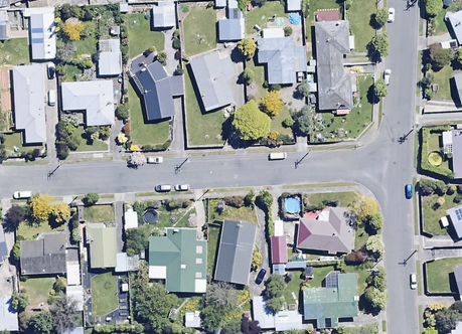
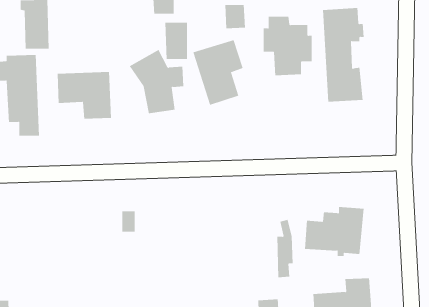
building: [97,38,119,73] -> [165,22,188,59]
building: [216,219,260,288] -> none
building: [85,222,137,271] -> none
building: [148,228,206,292] -> none
building: [19,233,78,284] -> none

